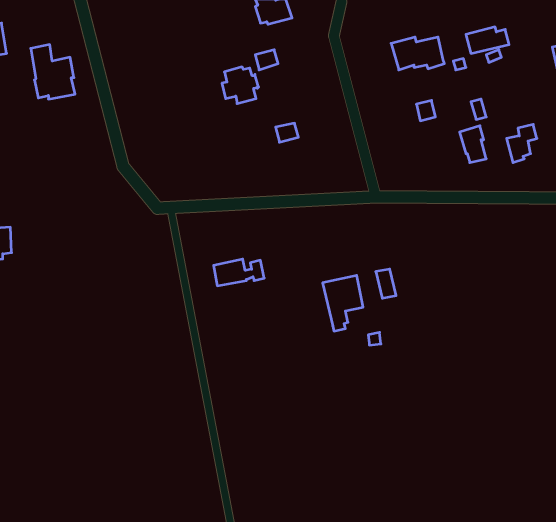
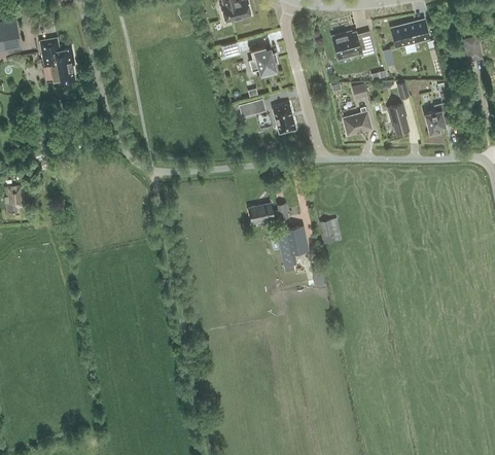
building: [222,67,259,104] -> [248,45,278,75]
building: none -> [272,103,296,133]
building: none -> [343,106,372,134]
building: [214,259,264,286] -> [247,202,288,223]

